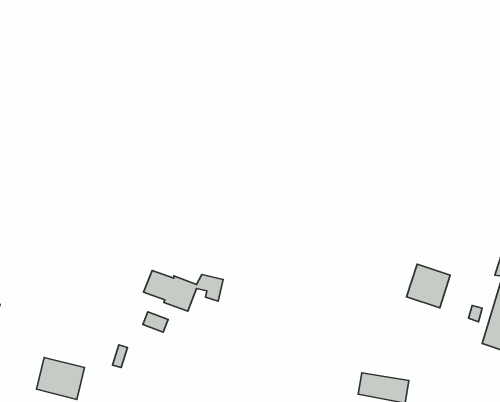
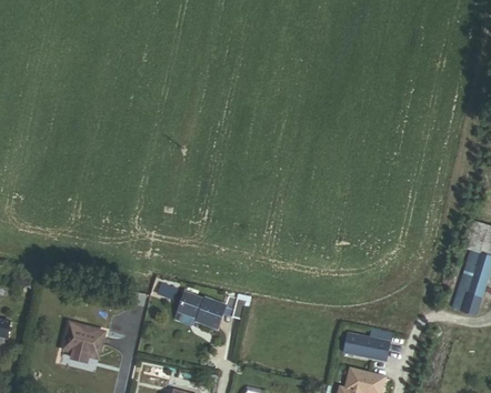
building: [407,264,450,308] -> none
building: [143,271,223,311] -> [176,291,246,326]

